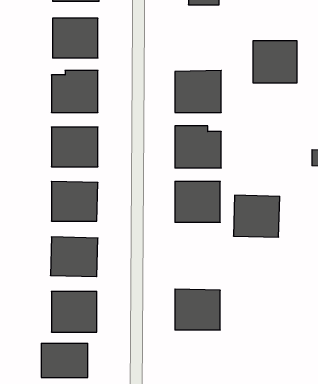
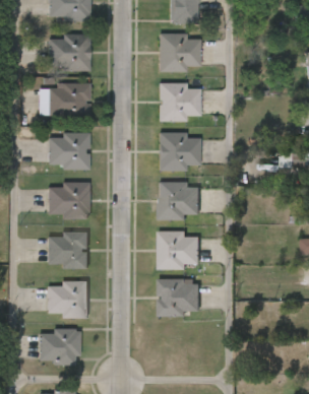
building: [253,41,297,83] -> [160,34,199,71]
building: [233,195,280,237] -> [159,232,200,269]

